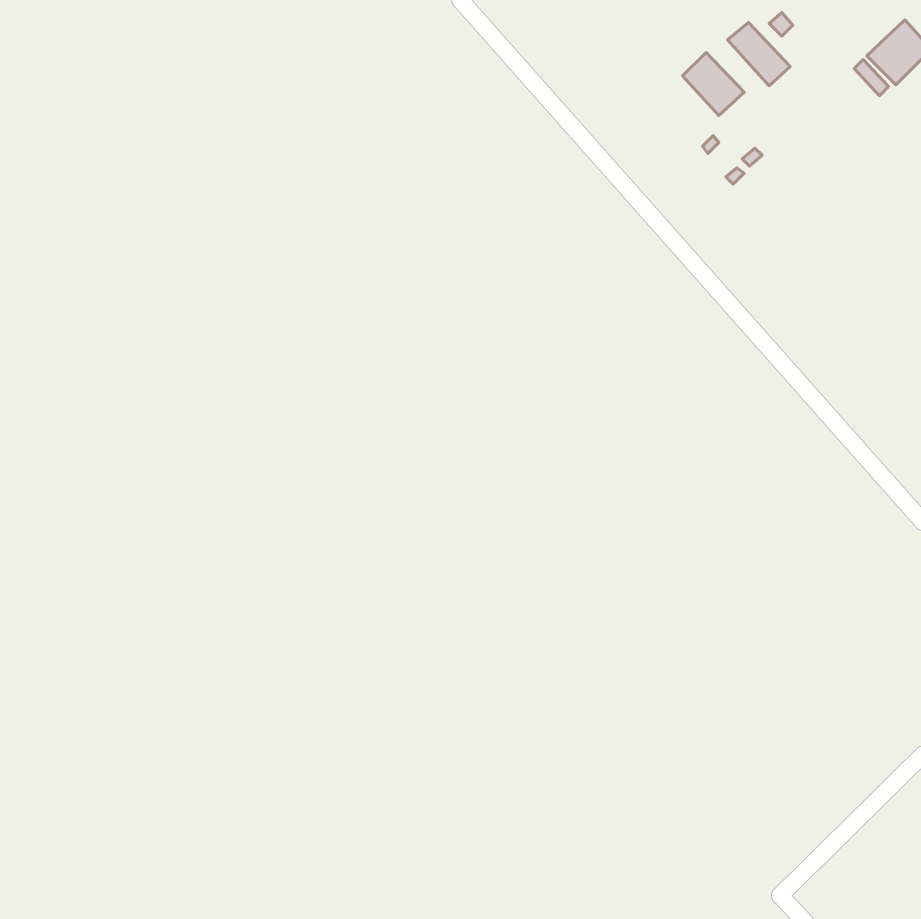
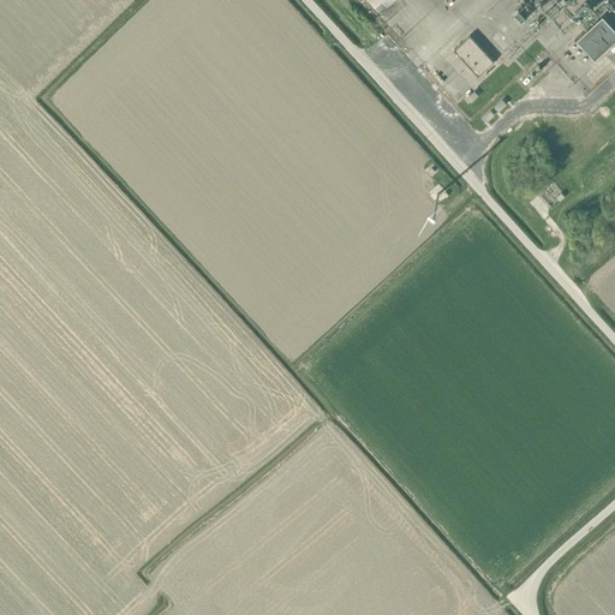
building: [727,22,790,86] -> none

